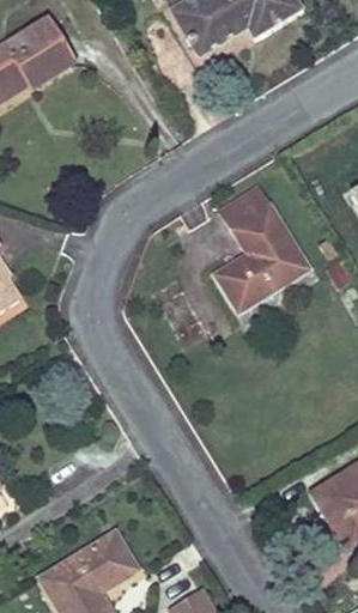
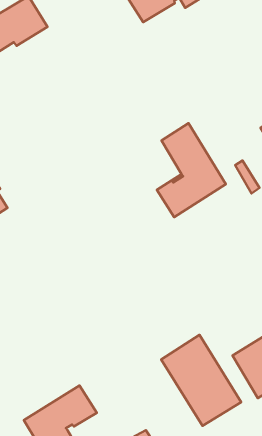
building: none -> [161,335,241,426]

